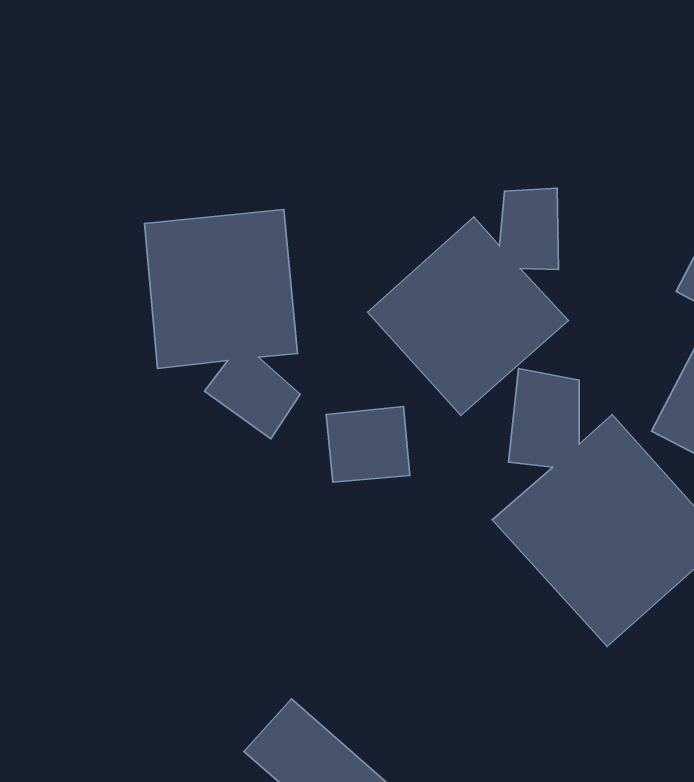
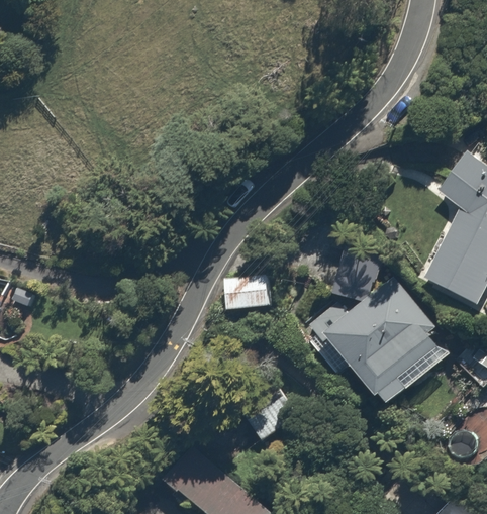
building: [367,188,568,415] -> none
building: [145,210,300,439] -> none

